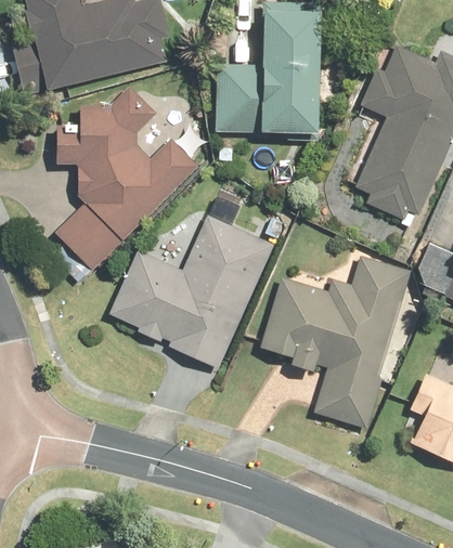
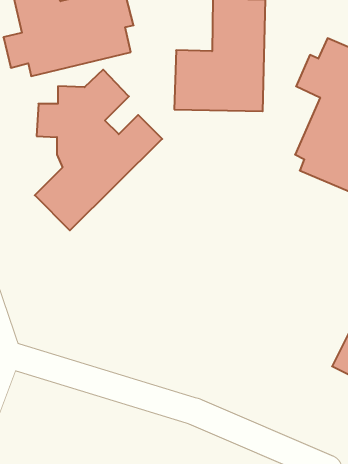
building: [109,194,275,370] -> none
building: [260,255,414,426] -> none

